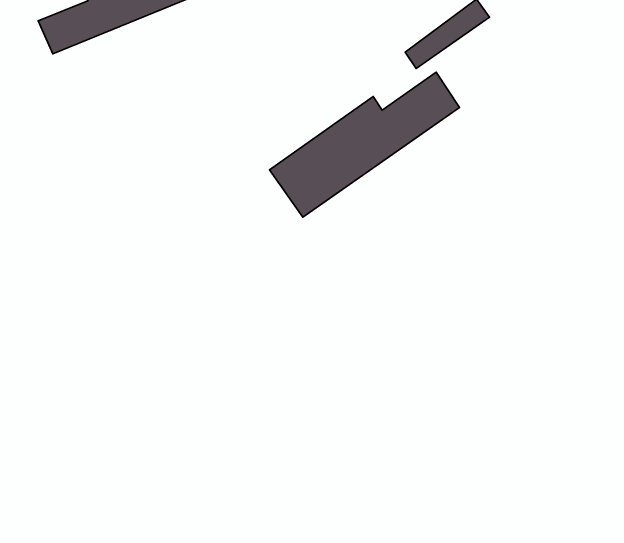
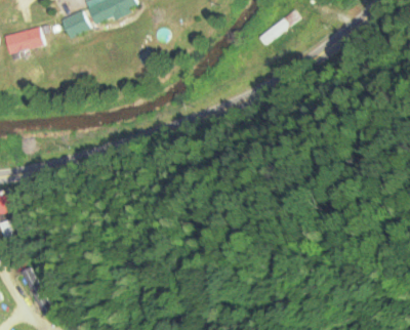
building: [269,72,459,217] -> none

